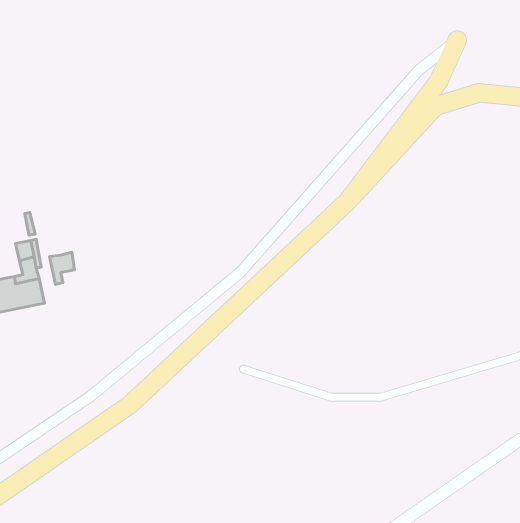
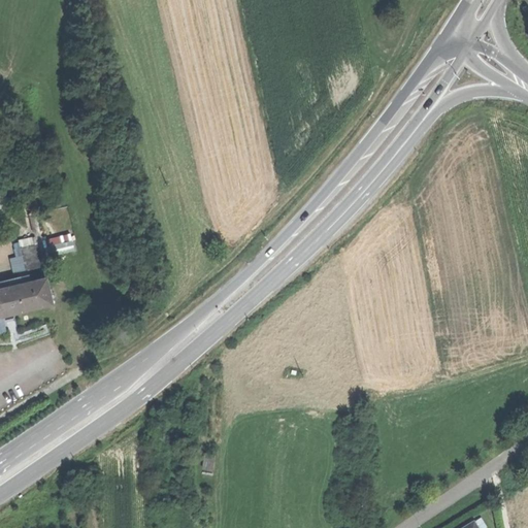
building: [49,252,75,285] -> none

